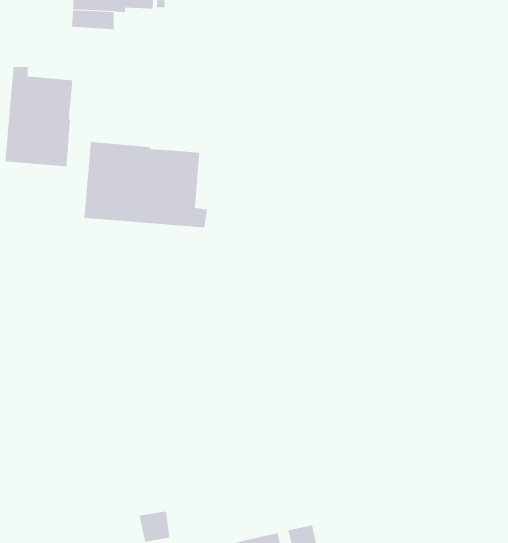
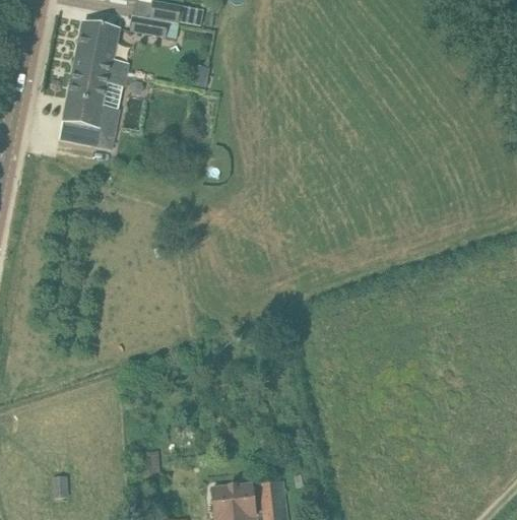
building: none -> [76,21,129,76]
building: [84,141,207,228] -> none

